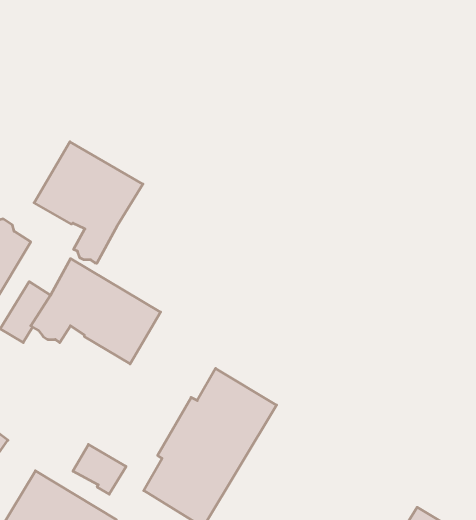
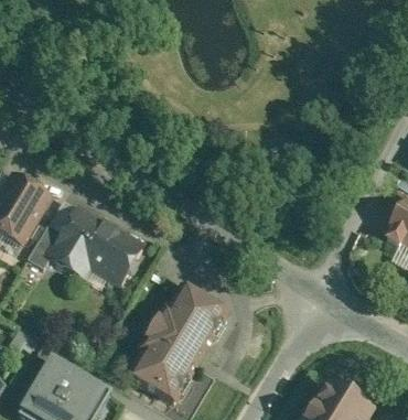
building: [34,142,143,263] -> none
building: [73,444,126,494] -> none

